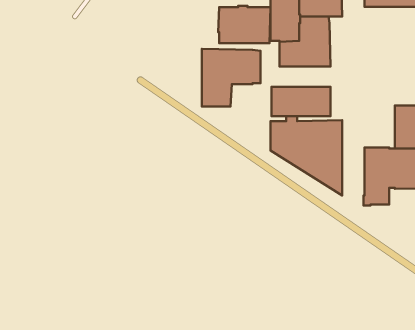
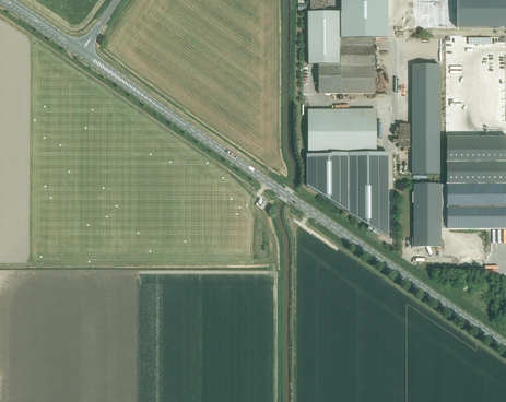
building: [218,6,271,43] -> none
building: none -> [413,63,440,173]
building: [202,49,260,106] -> none

